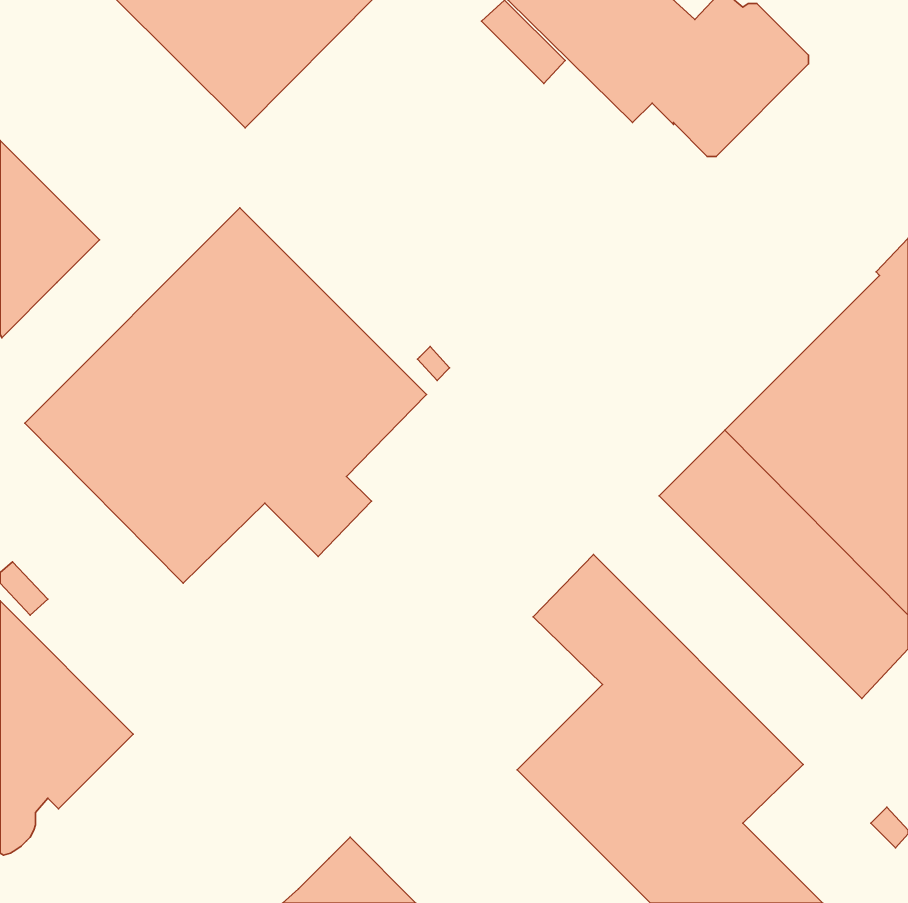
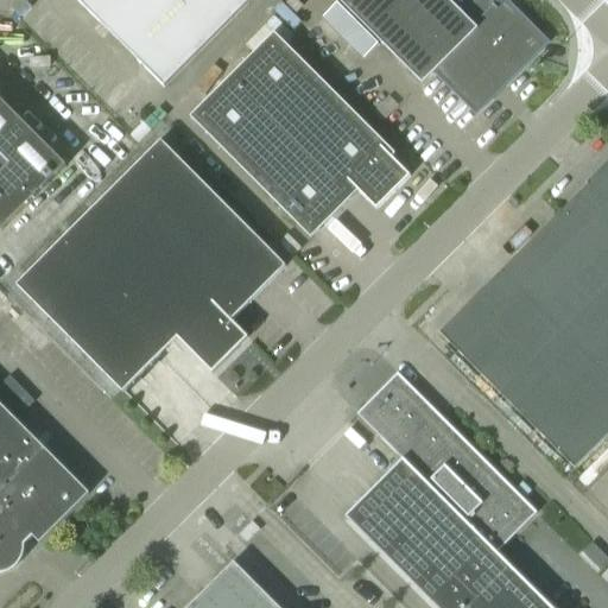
building: none -> [190,31,410,235]

